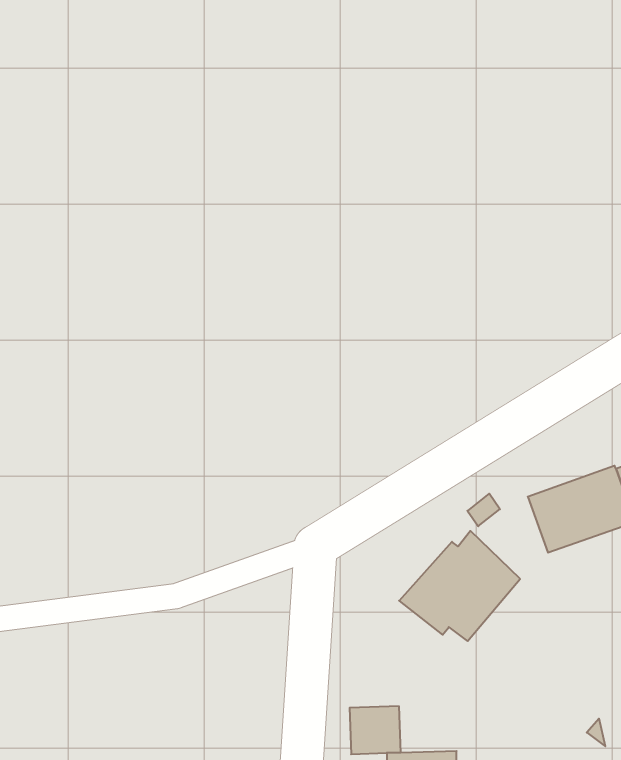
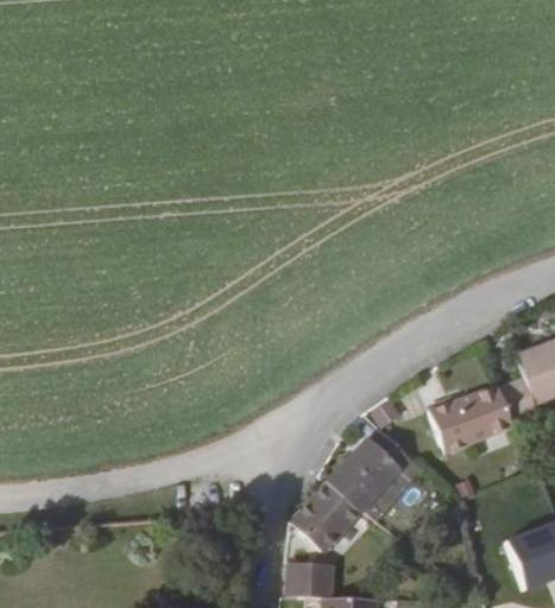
building: none -> [296,484,362,552]

